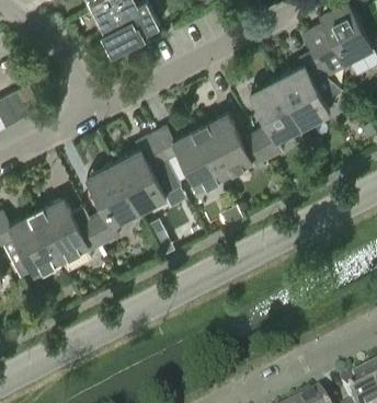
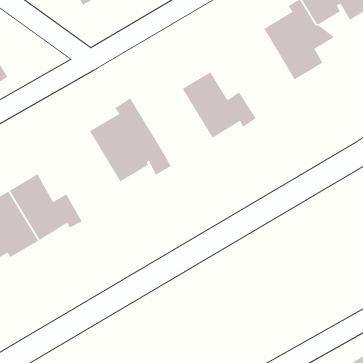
building: [250,79,301,159] -> none
building: [151,128,224,191] -> none
building: [85,163,137,243] -> none

